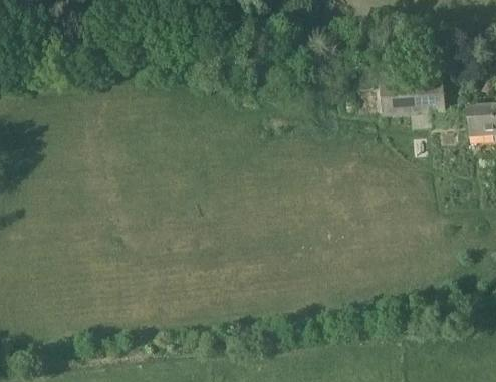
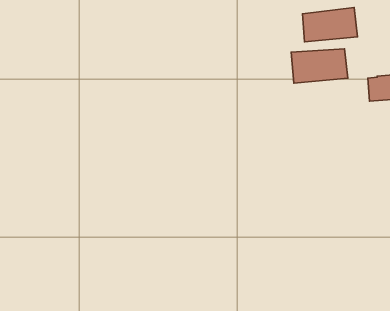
building: none -> [302,7,357,42]

